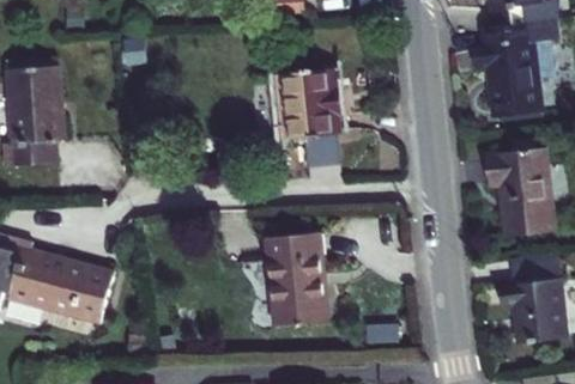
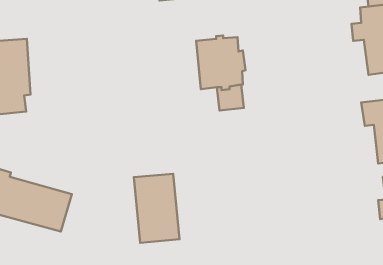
building: [265,232,326,324] -> [134,174,180,243]

